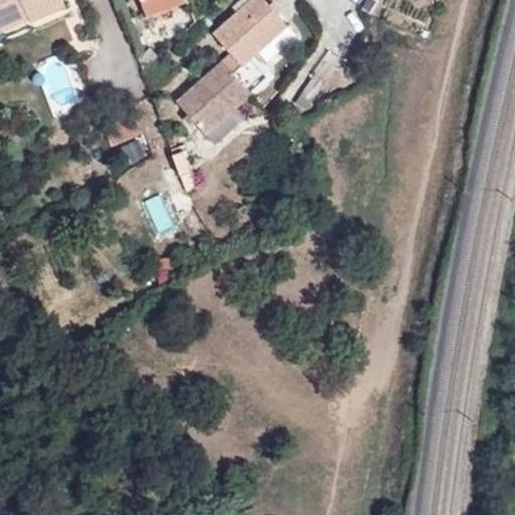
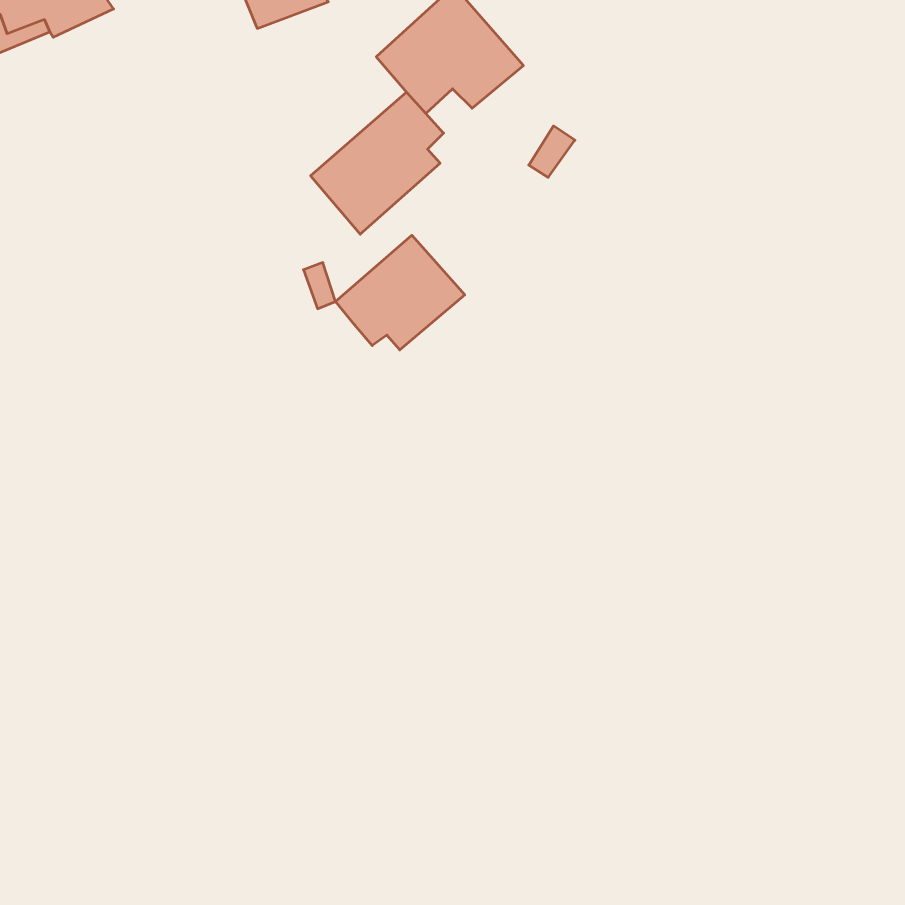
building: none -> [335,235,465,350]

